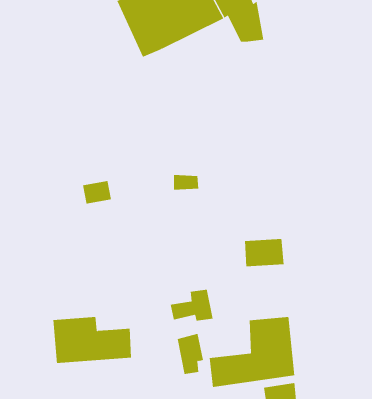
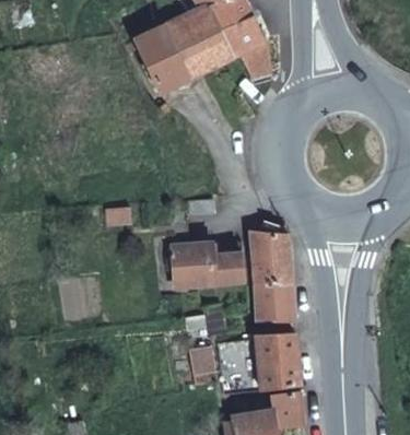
building: none -> [249,231,286,260]
building: none -> [253,282,292,322]
building: [53,316,132,364] -> [169,242,243,285]

